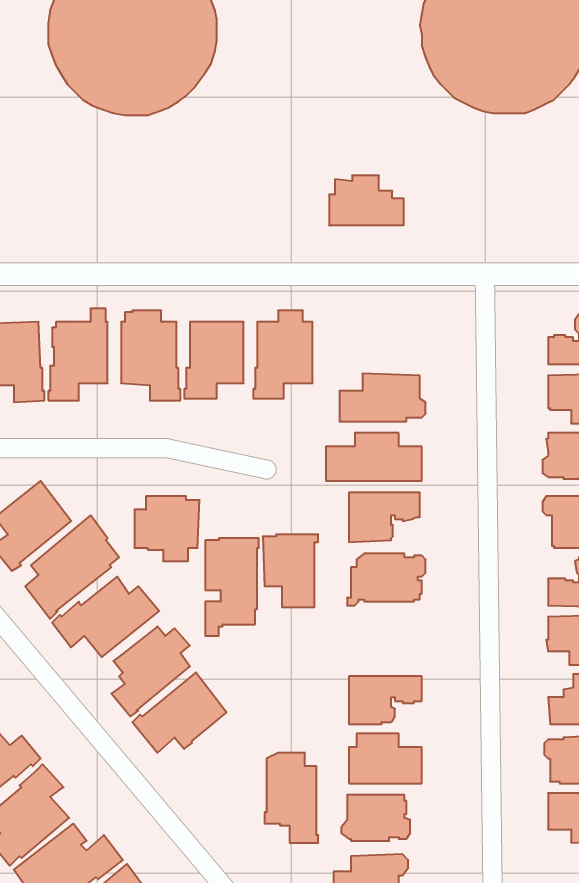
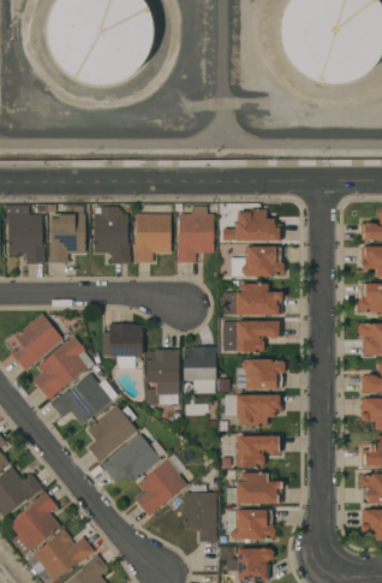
building: [329,175,404,225] -> [234,209,281,240]
building: none -> [235,395,281,426]
building: none -> [132,459,186,517]

